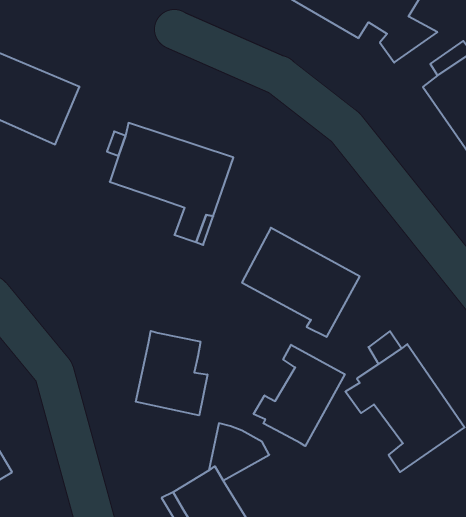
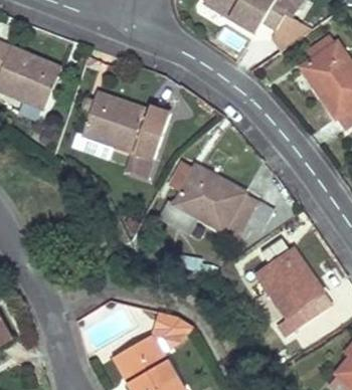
building: [136,331,207,415] -> none
building: [254,345,345,446] -> none

